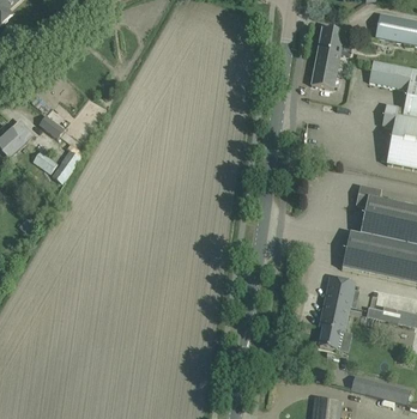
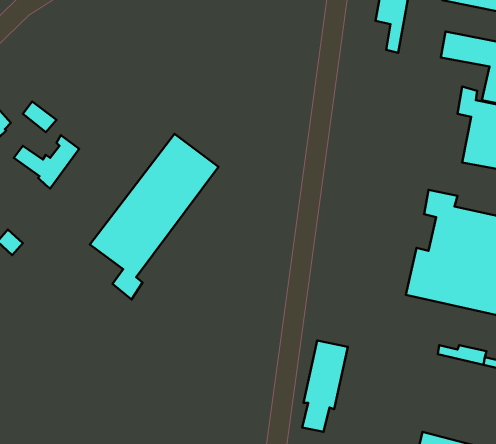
building: [312,53,336,89] -> none
building: none -> [90,134,219,300]
building: [319,278,355,350] -> [302,341,348,432]

